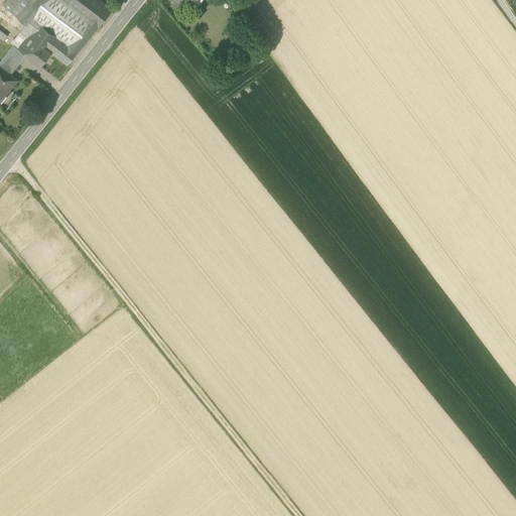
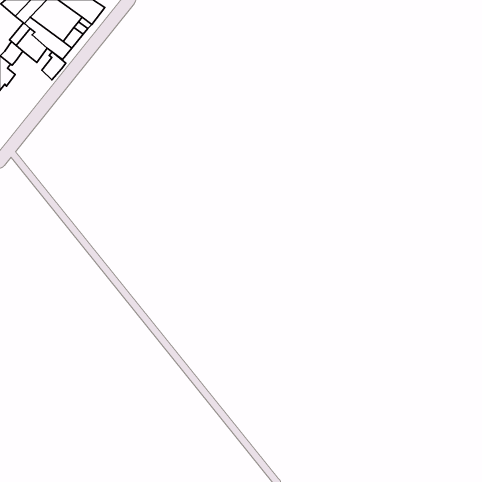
building: none -> [42,52,66,80]

